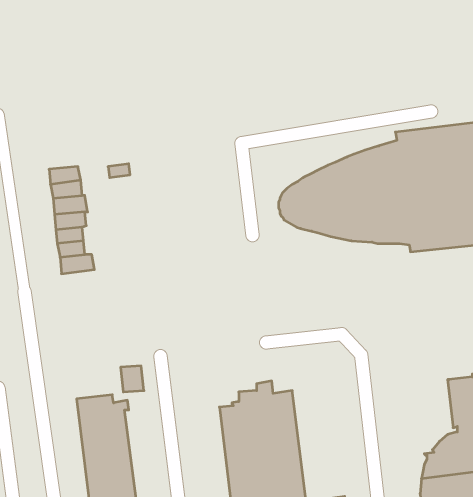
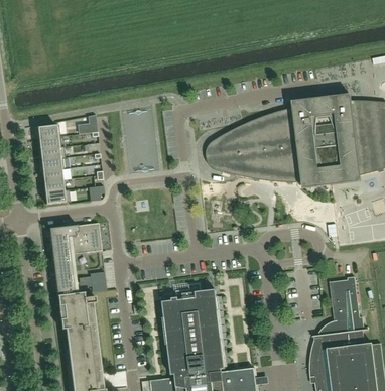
building: none -> [49,222,100,294]

